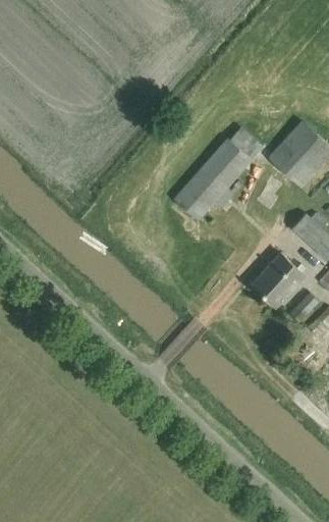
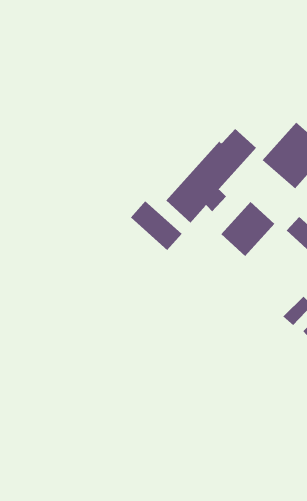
building: none -> [130,200,182,251]
building: [251,253,305,308] -> [220,201,275,257]

